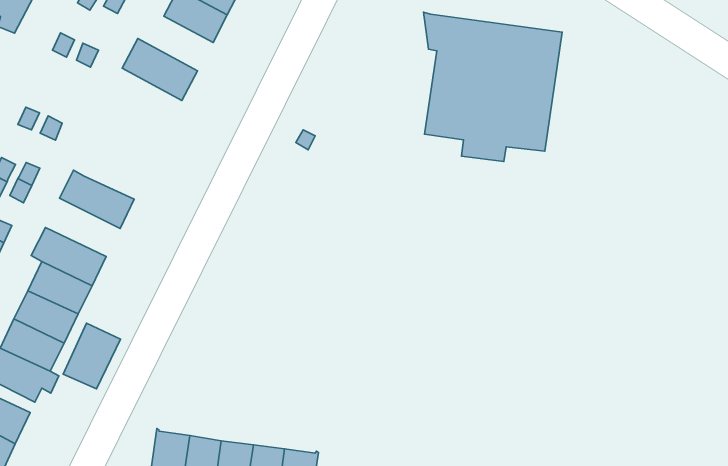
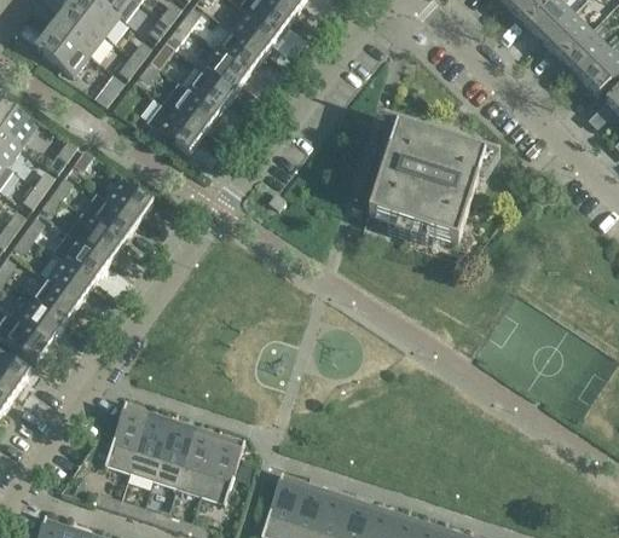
building: none -> [162,81,219,133]
building: none -> [103,177,152,222]
building: none -> [74,218,123,262]
building: [63,323,121,389] -> none

